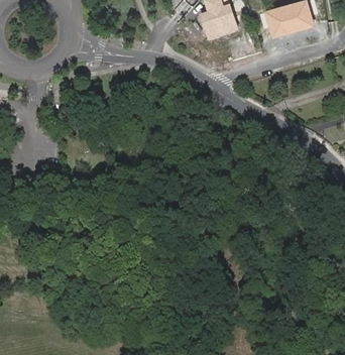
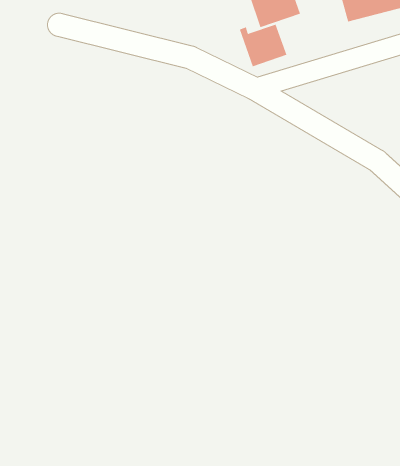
building: none -> [239,24,287,67]

